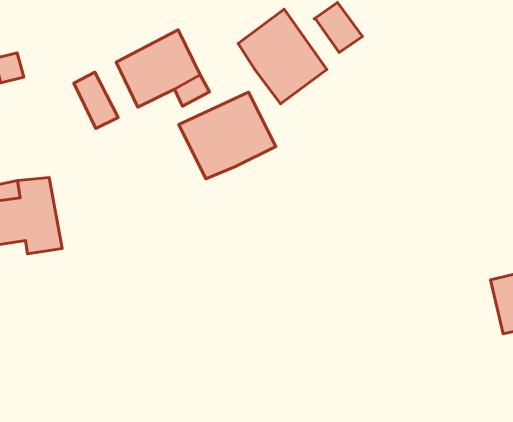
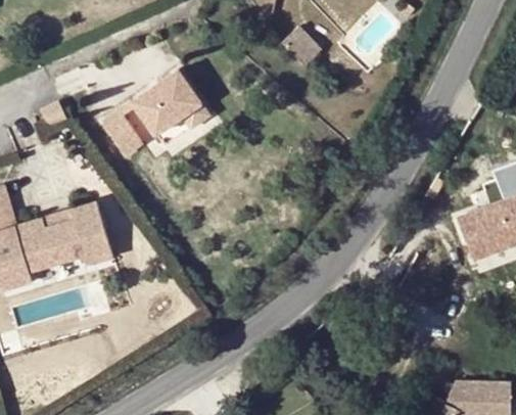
building: [238,9,327,104] -> none
building: [179,92,276,179] -> none

